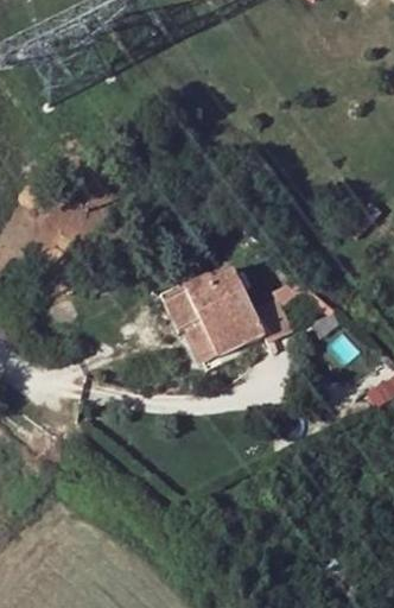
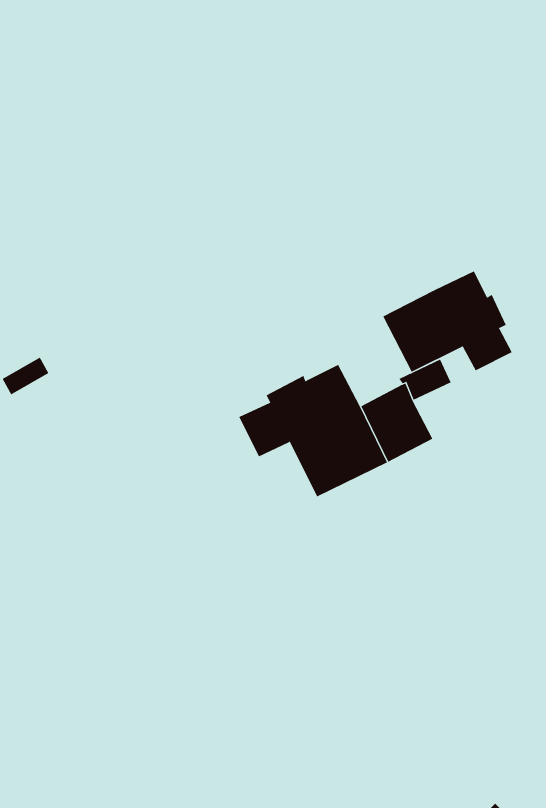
building: none -> [383,271,513,373]

